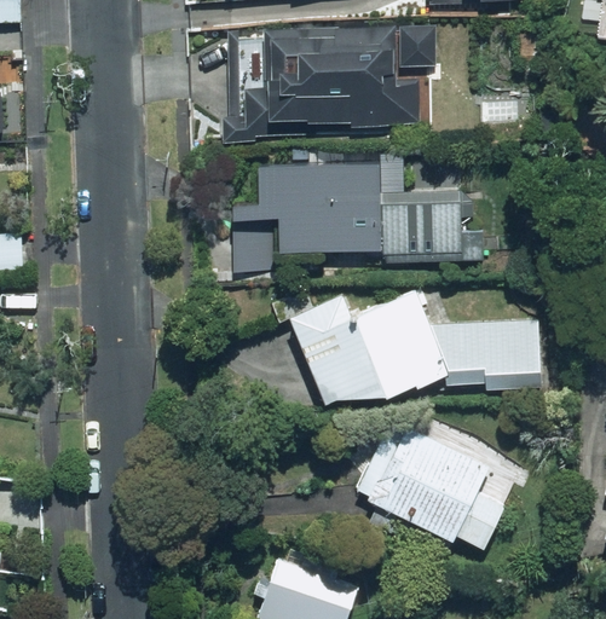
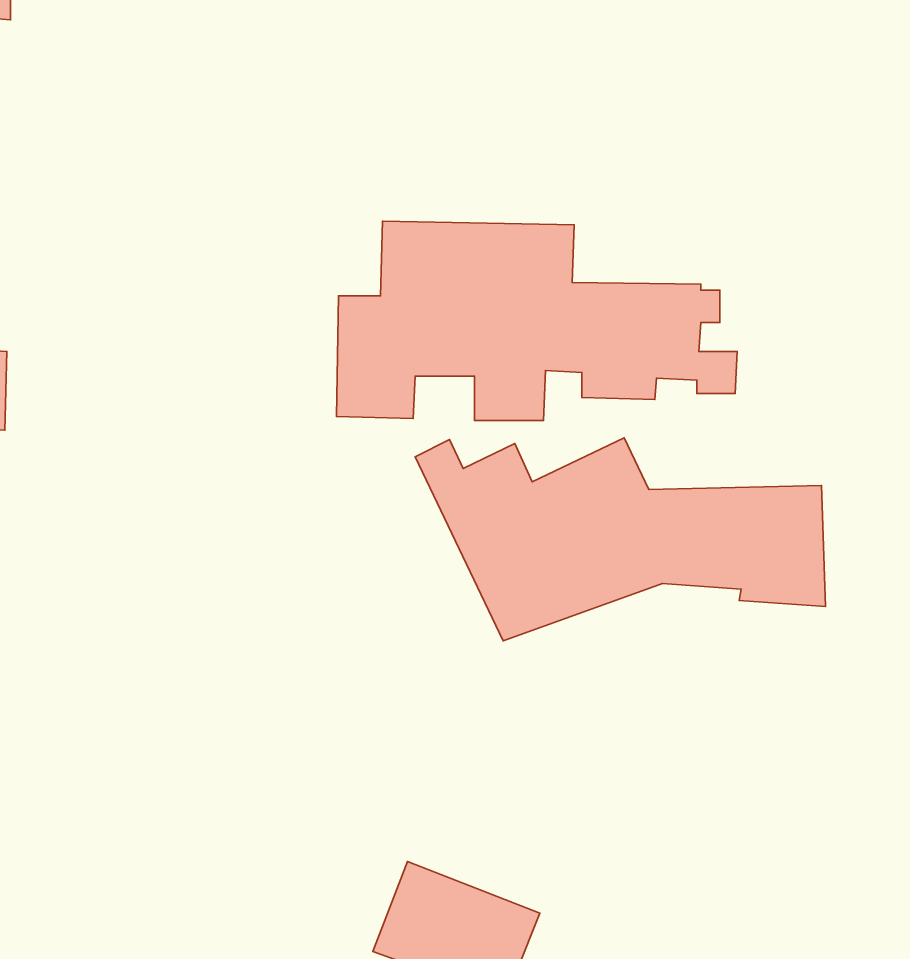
building: [220,24,434,131] -> none
building: [352,418,508,548] -> none

